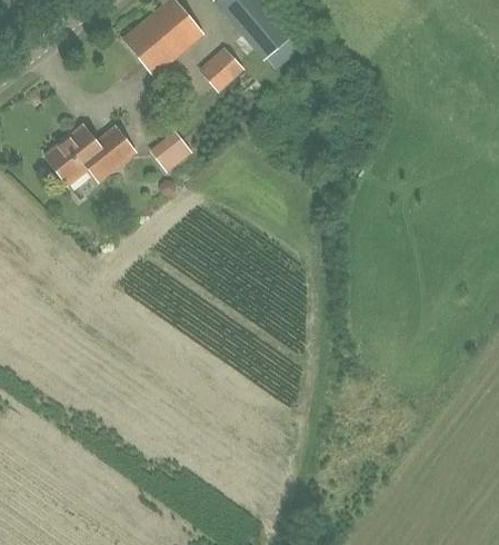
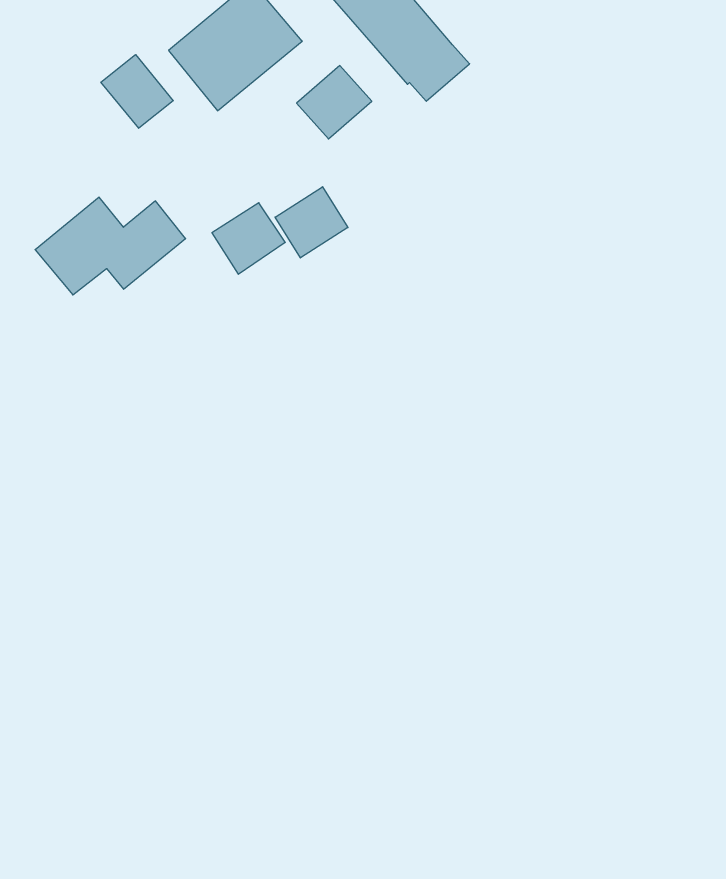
building: none -> [101,55,173,128]
building: none -> [275,187,348,258]

